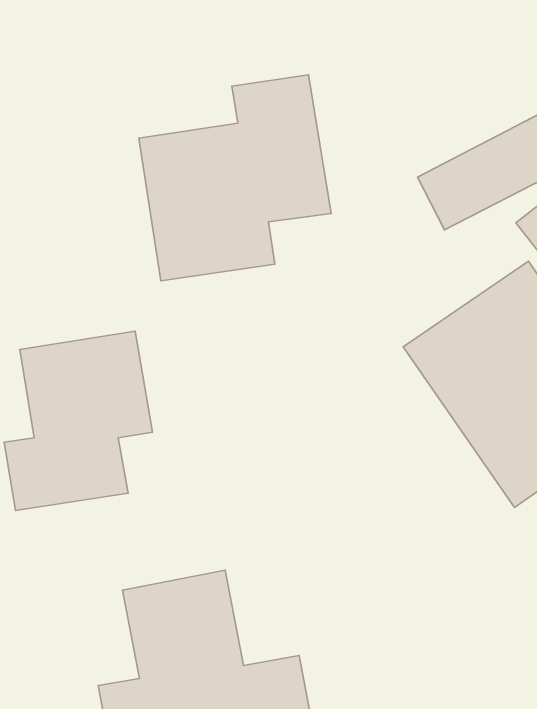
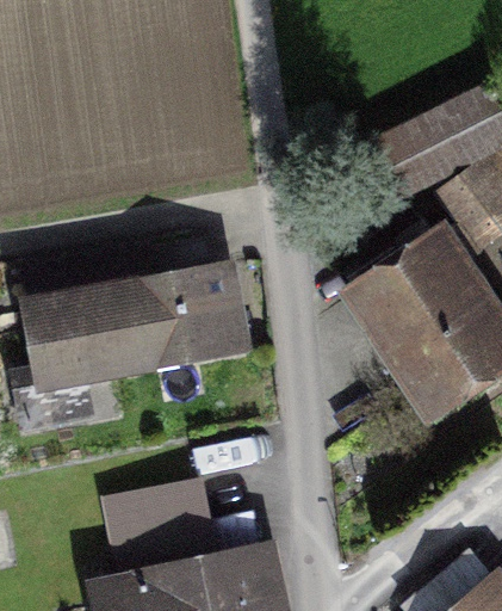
building: [139,75,331,281] -> none
building: none -> [123,266,237,366]

